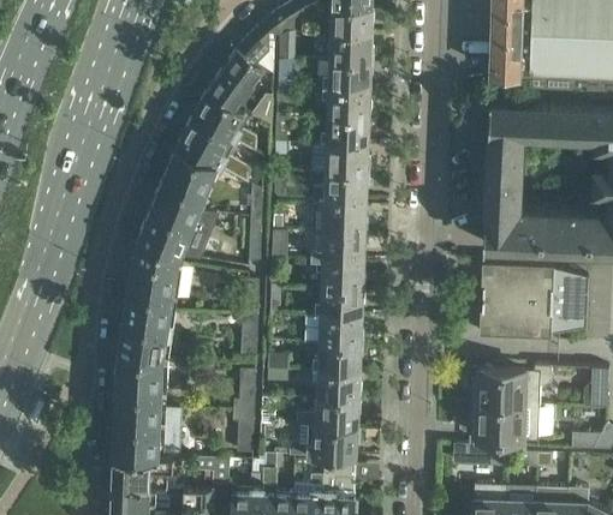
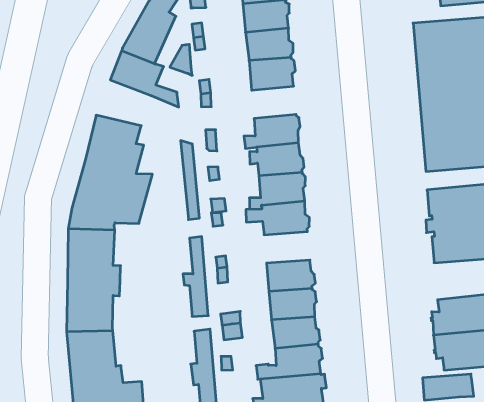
building: [173,119,248,184] -> none
building: [313,145,369,175] -> none
building: [319,287,364,317] -> none

